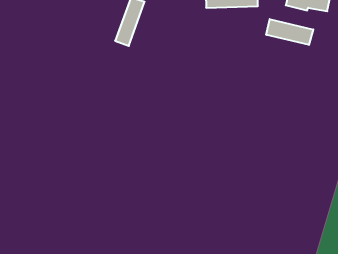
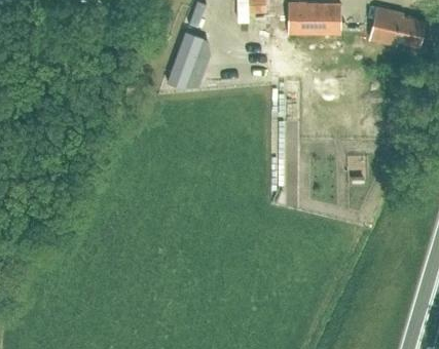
building: [266,19,313,45] -> none

